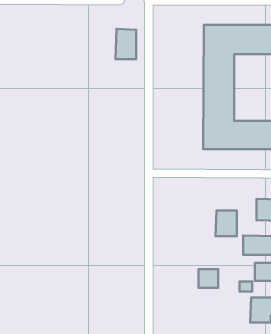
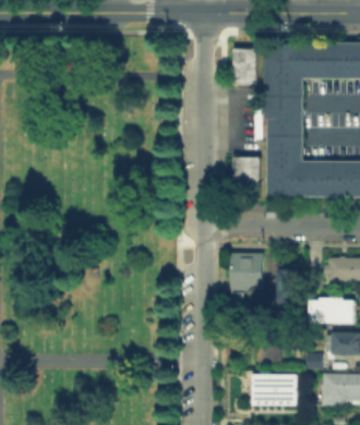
building: [116,29,136,59] -> [230,47,255,84]
building: none -> [232,156,257,193]
building: none -> [231,254,273,293]
building: none -> [255,377,299,406]

